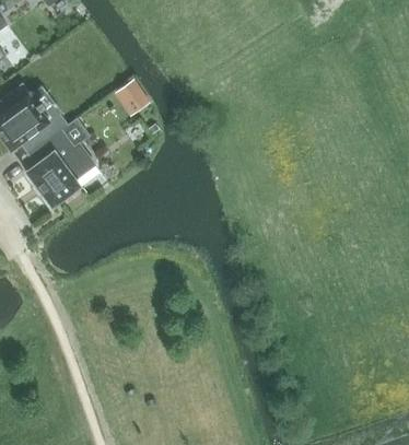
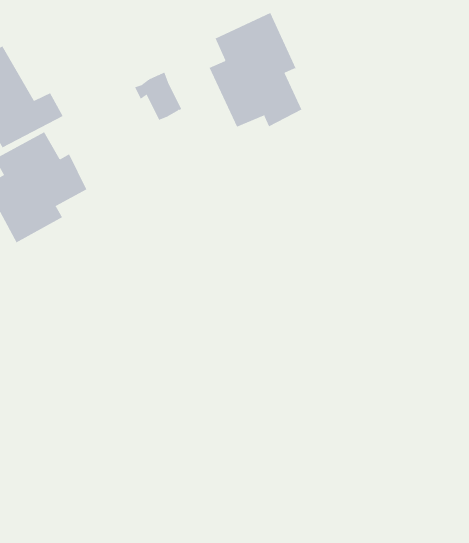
building: none -> [209,12,302,128]

